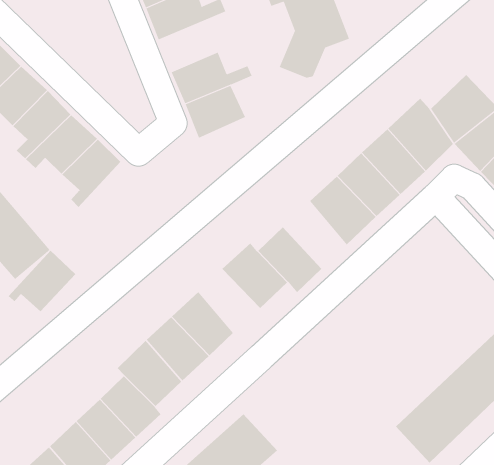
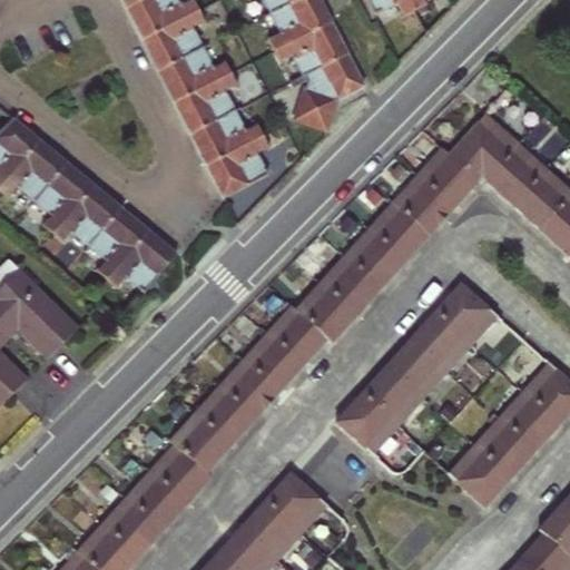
building: none -> [174,81,246,136]
building: none -> [315,254,381,321]
building: none -> [335,284,499,459]
building: [8,250,76,312] -> [108,230,175,294]
building: none -> [236,330,299,393]

